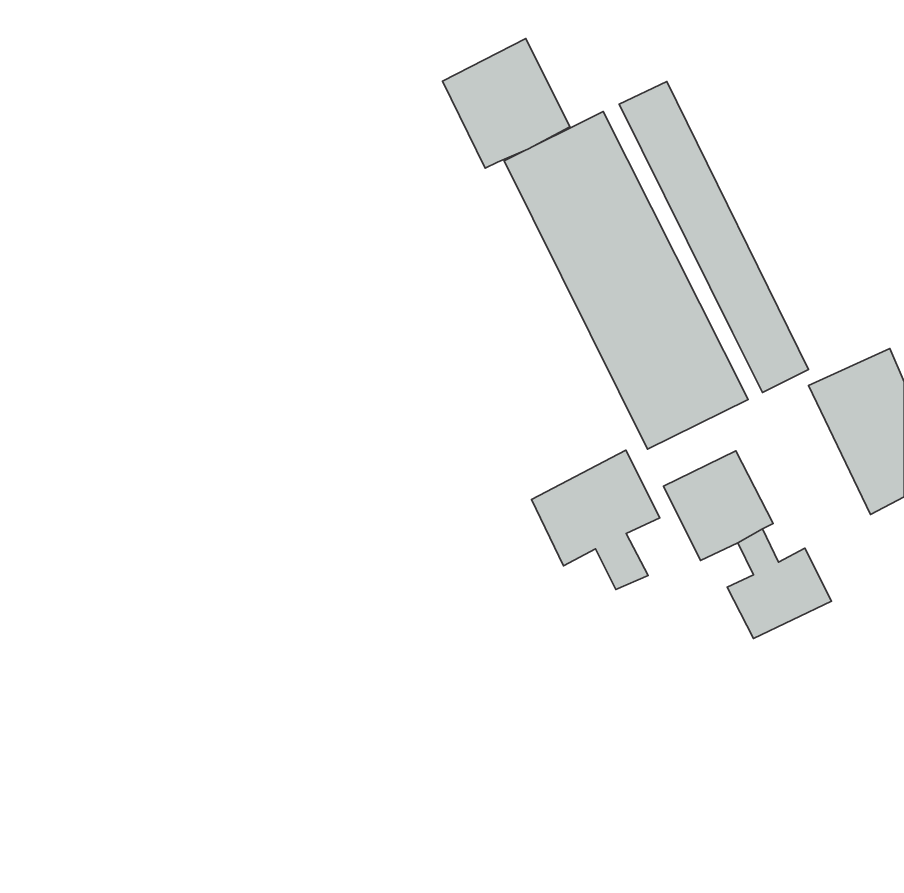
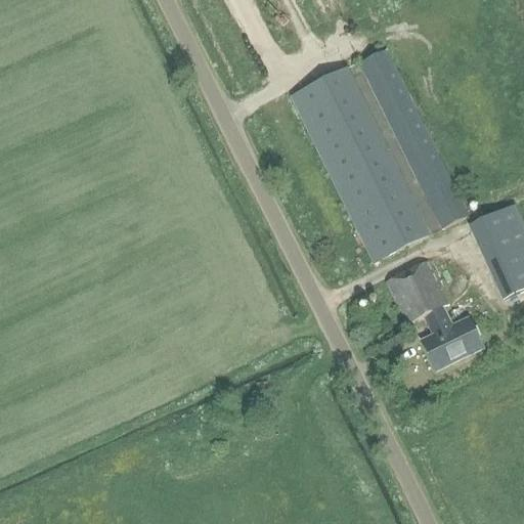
building: [443,39,570,168] -> none
building: [532,450,660,589] -> none

